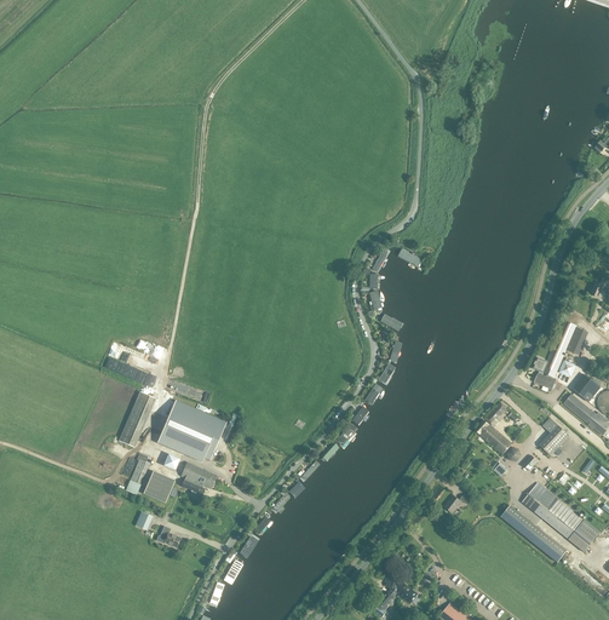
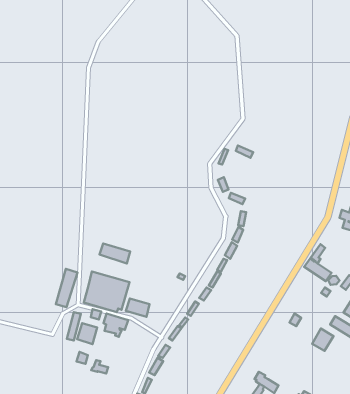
building: none -> [100,244,130,264]
building: none -> [126,299,149,317]
building: none -> [312,328,334,351]

